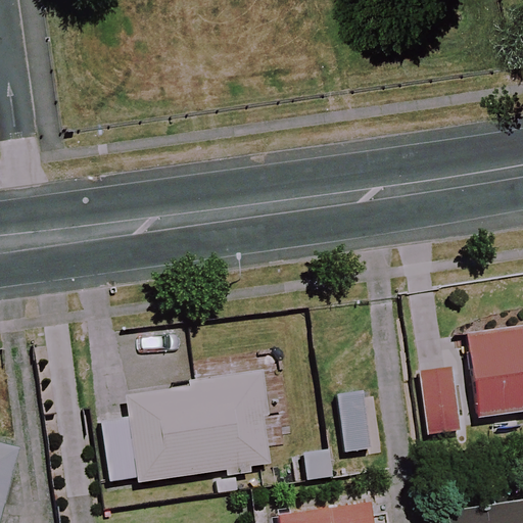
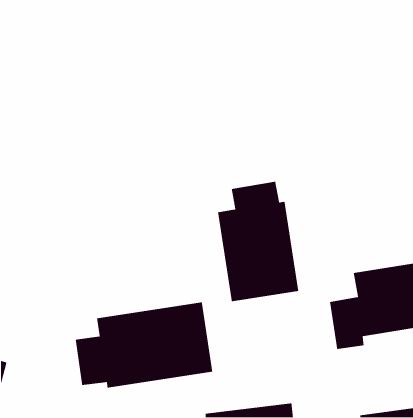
building: none -> [217,181,299,302]

